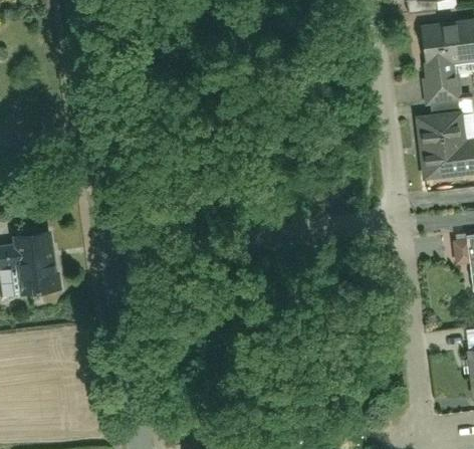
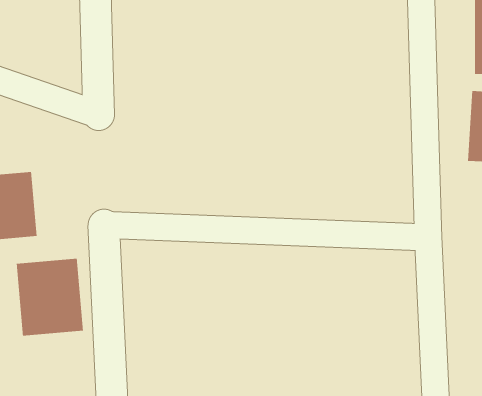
building: none -> [16,258,83,337]

